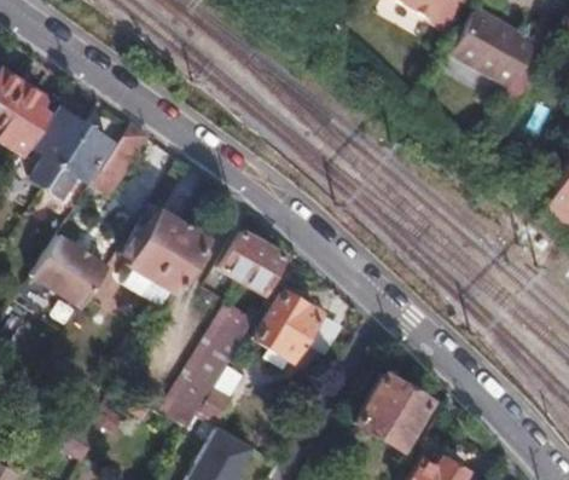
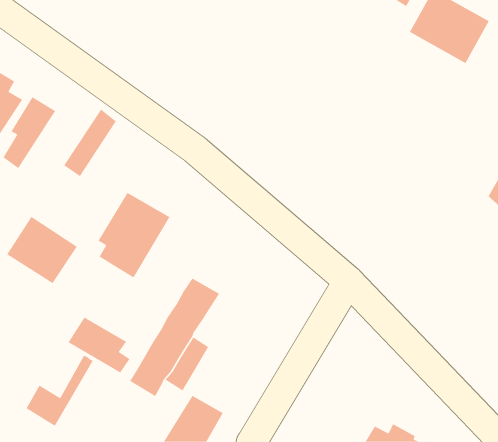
building: [45,126,109,198] -> none
building: [222,232,284,290] -> none
building: [255,290,318,366] -> none
building: none -> [68,316,131,374]
building: [358,374,429,447] -> none

